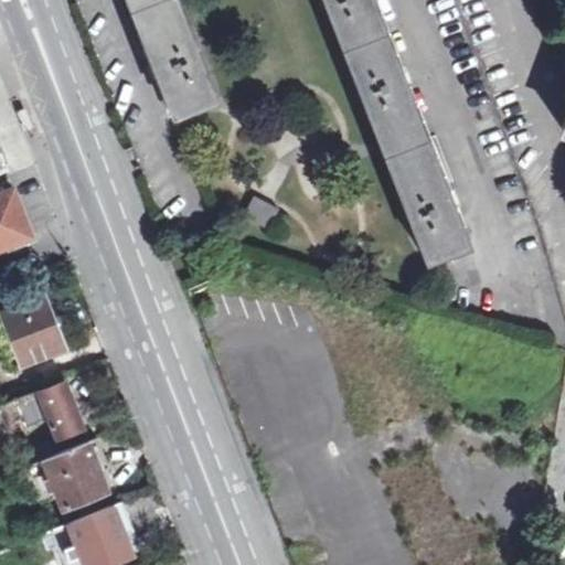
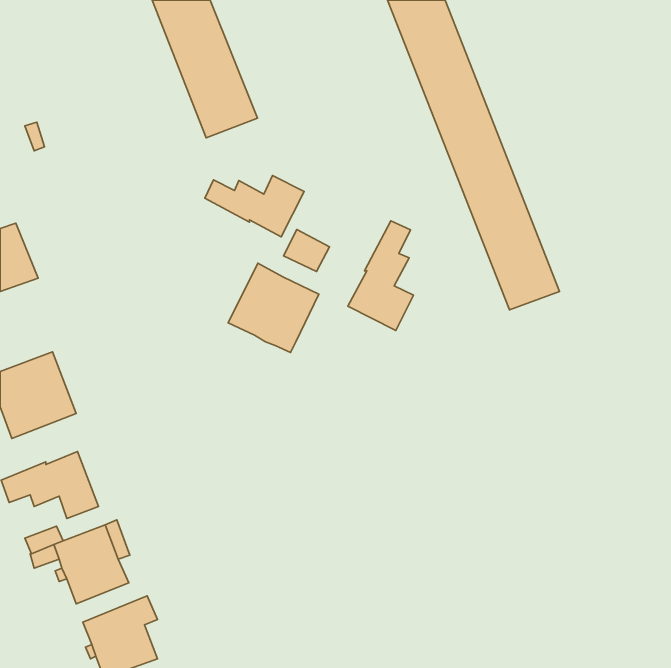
building: none -> [205,176,304,237]
building: none -> [348,221,414,330]
building: none -> [228,263,319,352]

